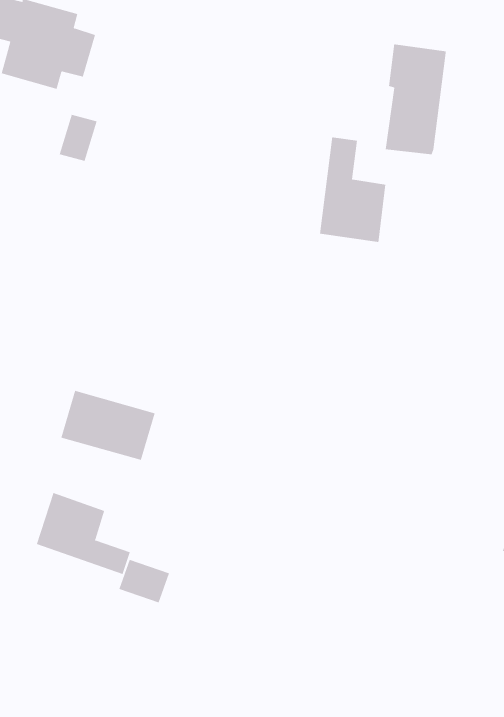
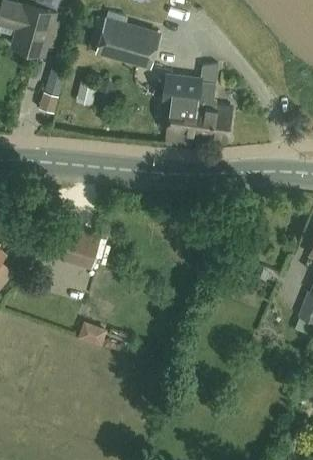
building: none -> [96,20,160,66]
building: [385,44,446,155] -> [165,77,200,140]
building: [36,492,131,575] -> none

